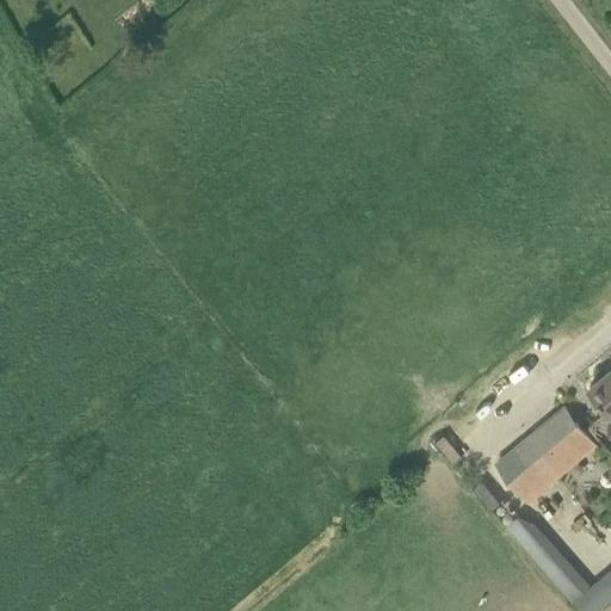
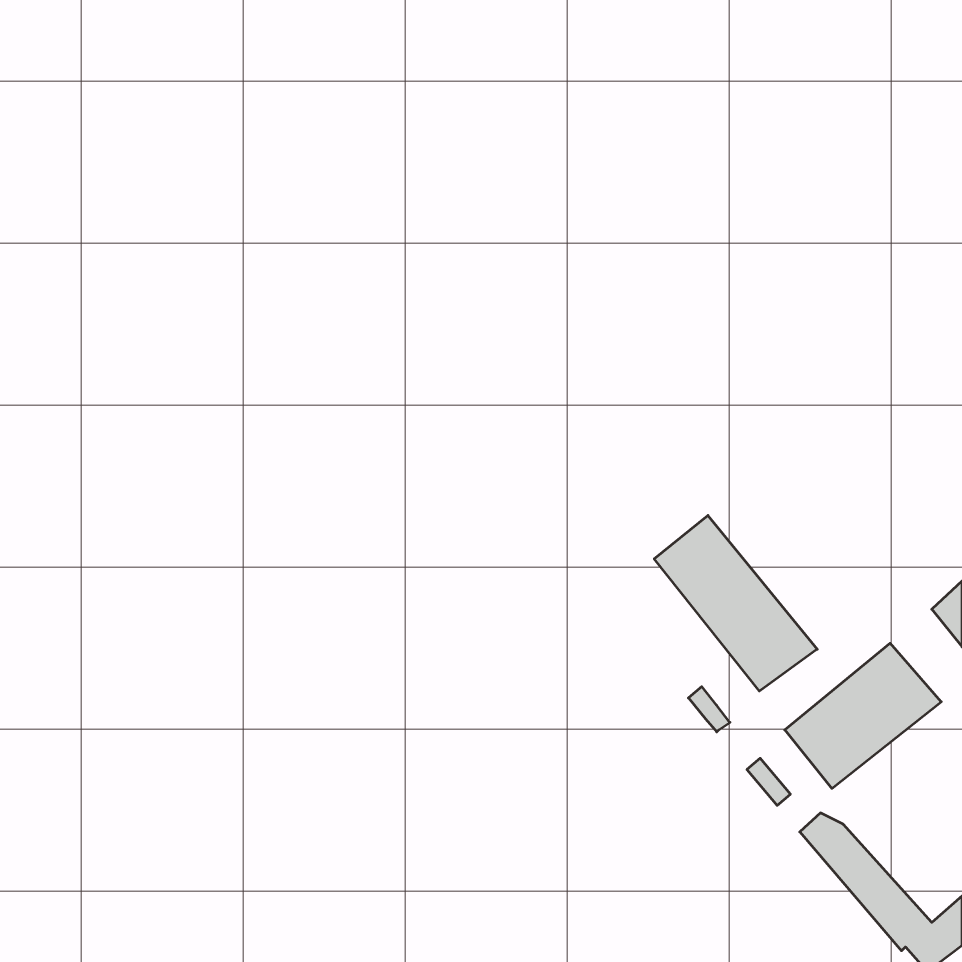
building: none -> [654,515,817,691]

